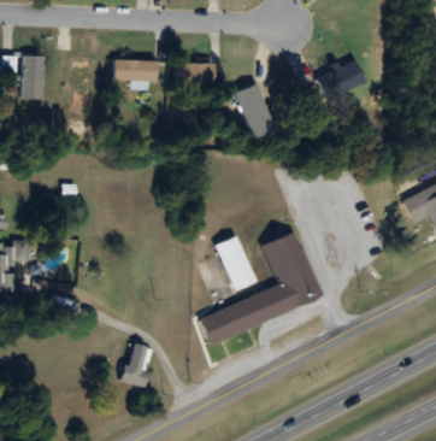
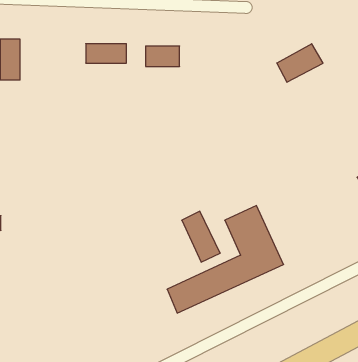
building: [235,84,275,139] -> none
building: [122,343,153,388] -> none

